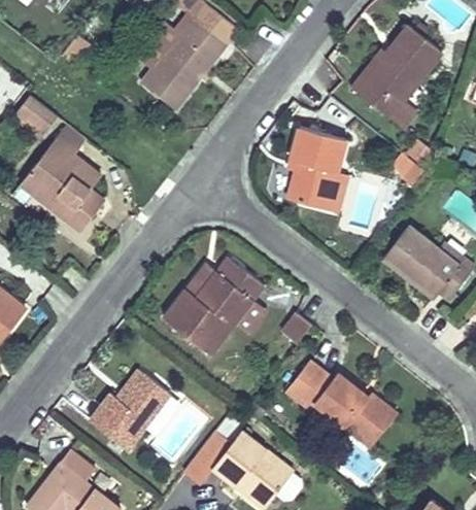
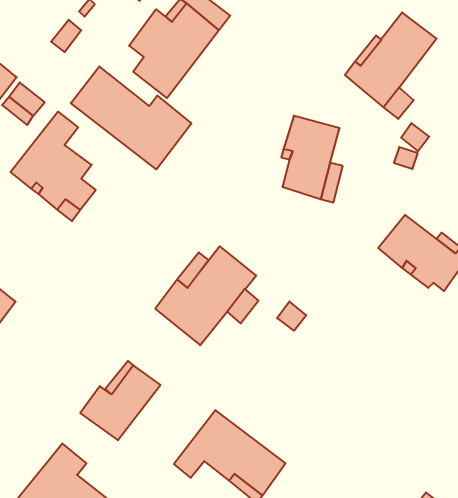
building: none -> [71,66,191,169]
building: [286,362,396,447] -> none

